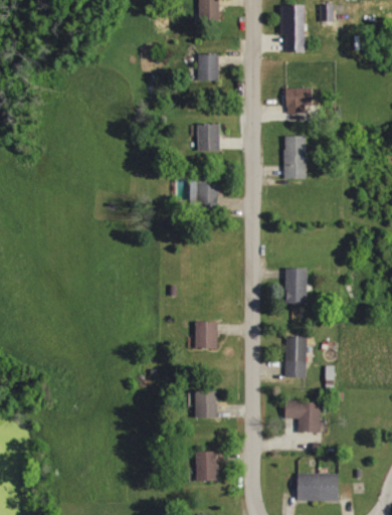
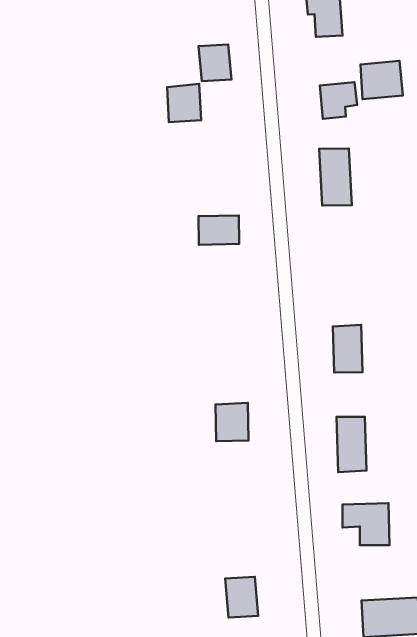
building: none -> [360,61,403,99]
building: [198,124,222,151] -> [167,84,201,122]
building: [197,391,218,418] -> none

